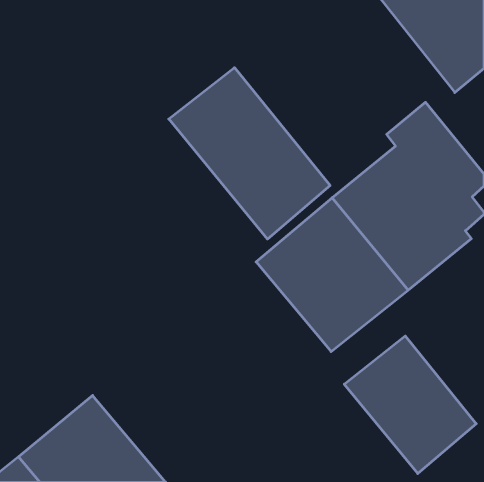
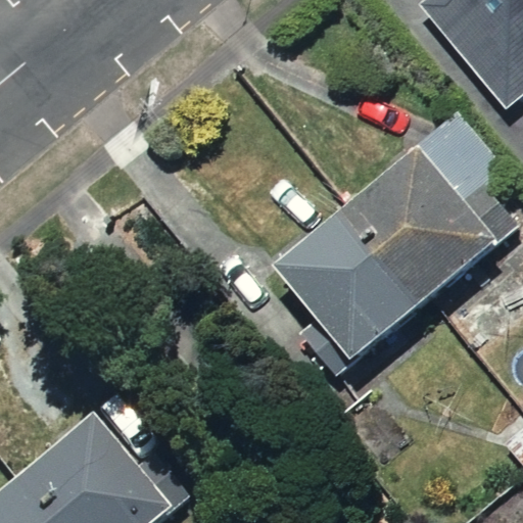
building: [169,68,330,239] -> none
building: [344,336,476,474] -> none

